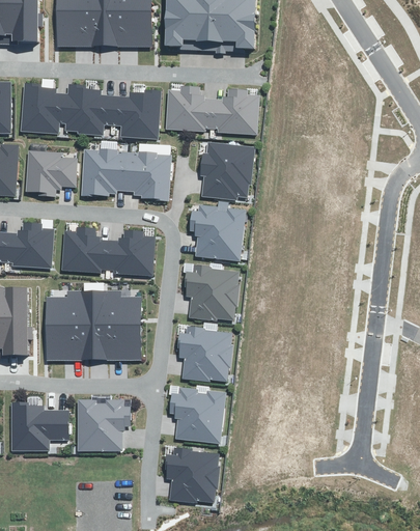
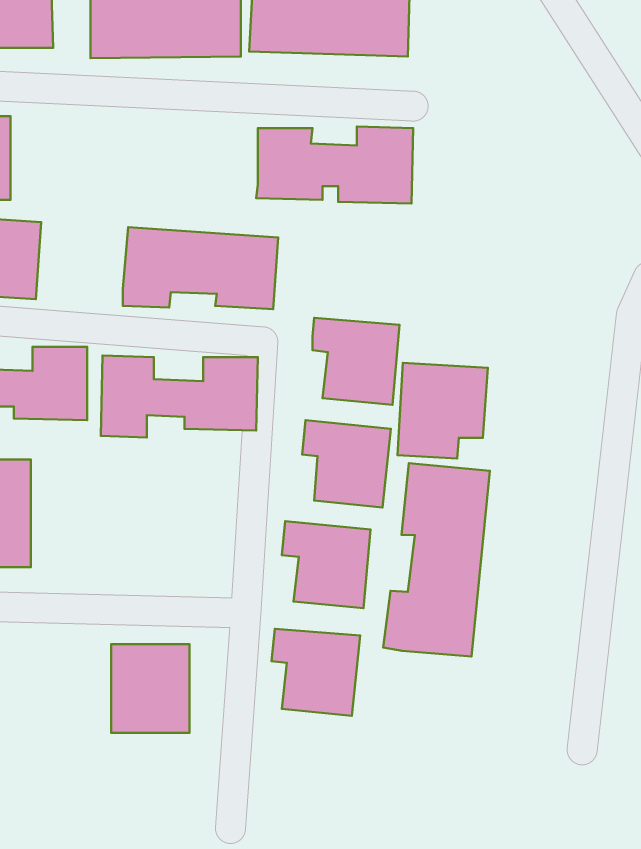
building: [13,80,155,138] -> none
building: [201,141,256,199] -> [398,363,488,458]
building: [26,145,82,192] -> none
building: [46,289,143,360] -> none
building: none -> [383,463,490,657]
building: [8,406,72,448] -> none
building: [166,451,220,504] -> none

